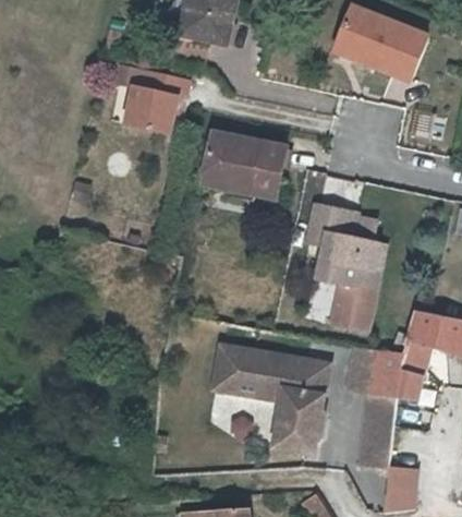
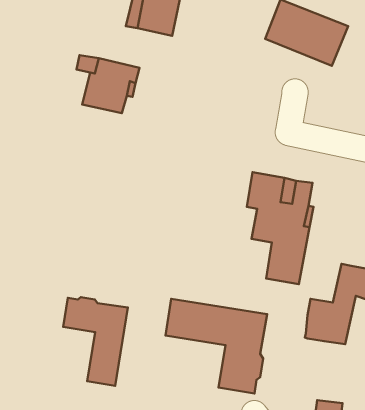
building: [203,136,285,203] -> none
building: none -> [63,297,128,386]
building: [358,392,396,465] -> none

